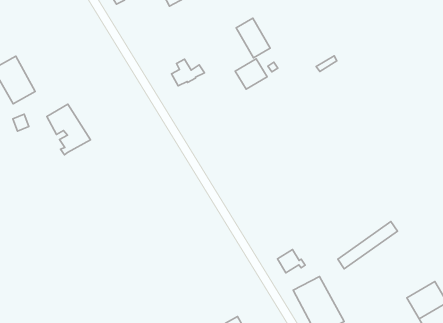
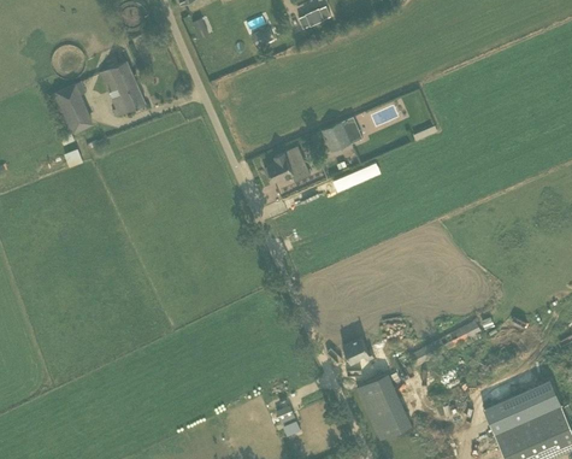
building: [236,18,270,58] -> none
building: [171,59,204,86] -> [267,151,305,180]
building: [47,104,91,155] -> [101,59,147,116]

